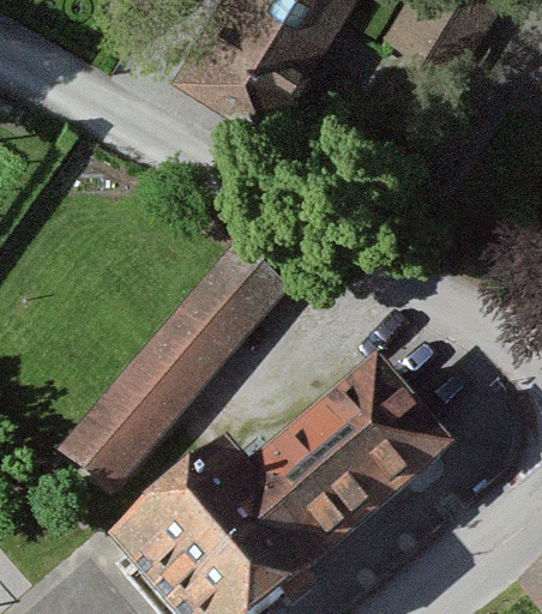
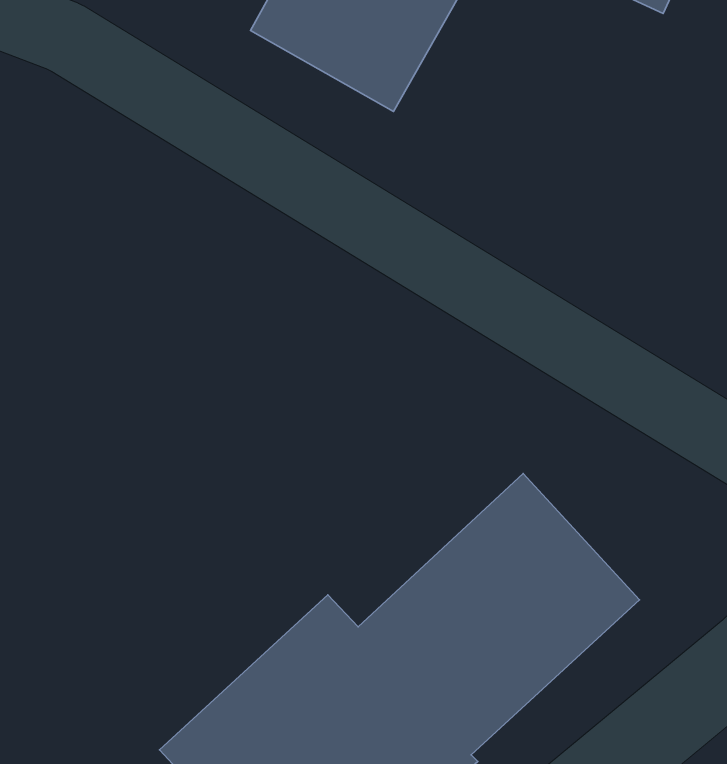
building: [53,246,282,501] -> none

